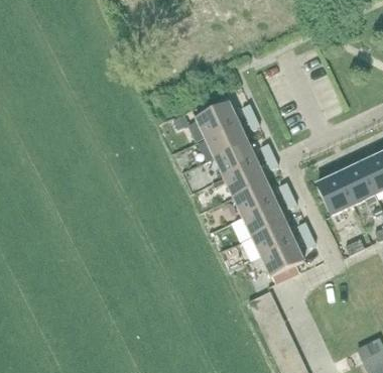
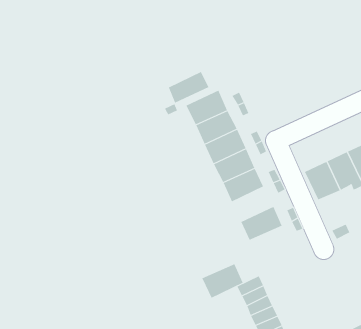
building: none -> [168,71,209,103]
building: [242,199,285,235] -> none
building: [260,239,303,275] -> [201,263,244,299]

